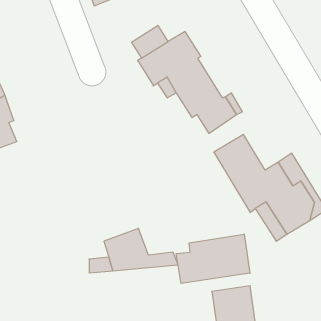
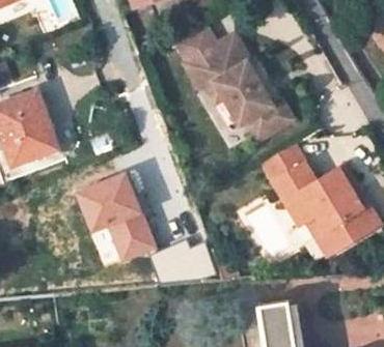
building: none -> [74,169,157,260]
building: [176,234,250,283] -> none

